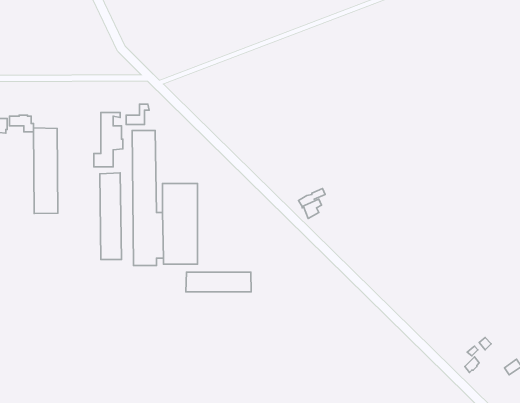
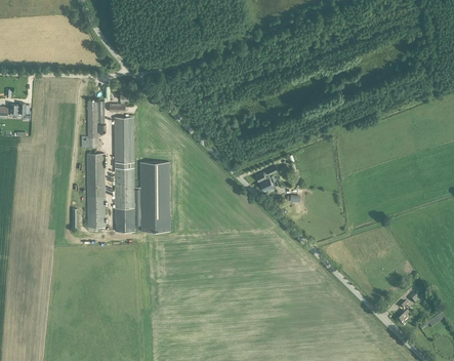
building: [34,128,58,214] -> none
building: [186,272,251,292] -> none

